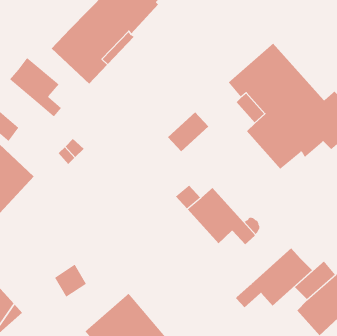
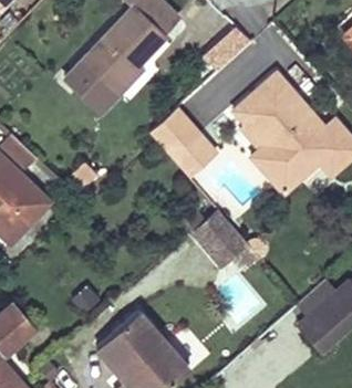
building: [9,57,62,117] -> none
building: none -> [151,109,203,162]
building: [236,247,313,308] -> none

